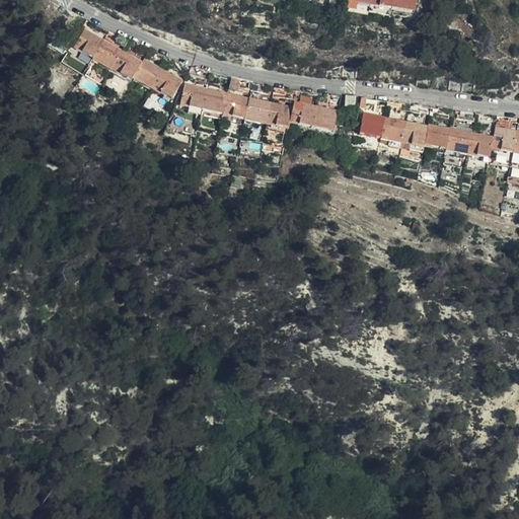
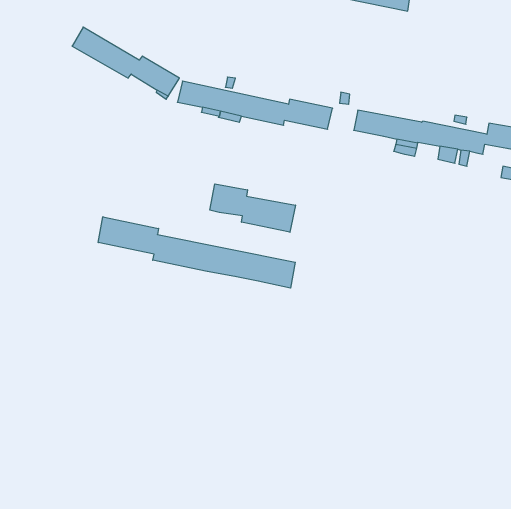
building: none -> [210,184,295,232]
building: none -> [98,217,295,288]

